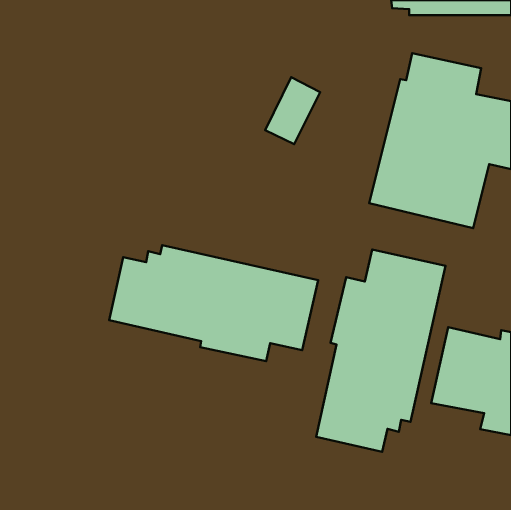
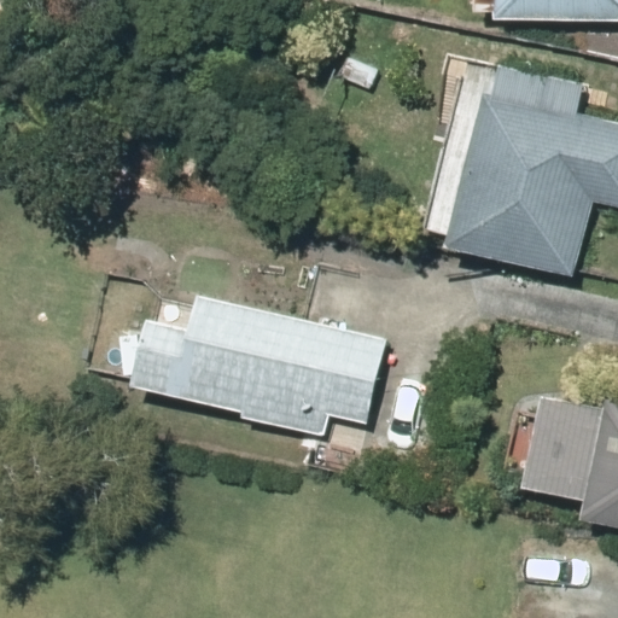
building: [316,250,446,452] -> none

